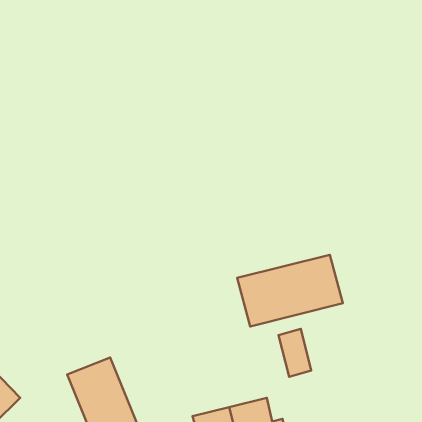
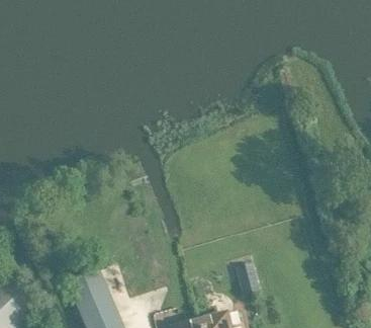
building: [237,255,343,326] -> none

